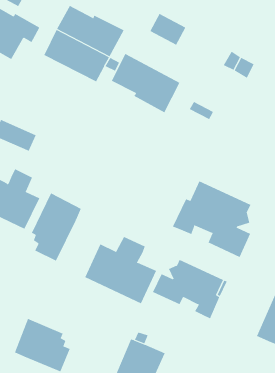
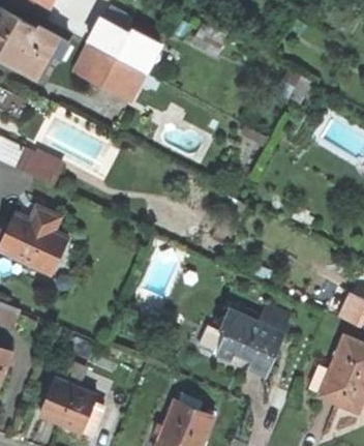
building: [111,53,180,113] -> none
building: [172,180,251,258] -> none
building: [31,192,82,261] -> none
building: [84,236,157,304] -> none

